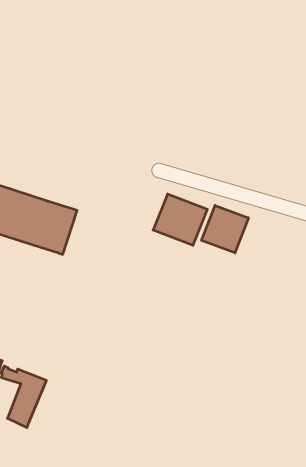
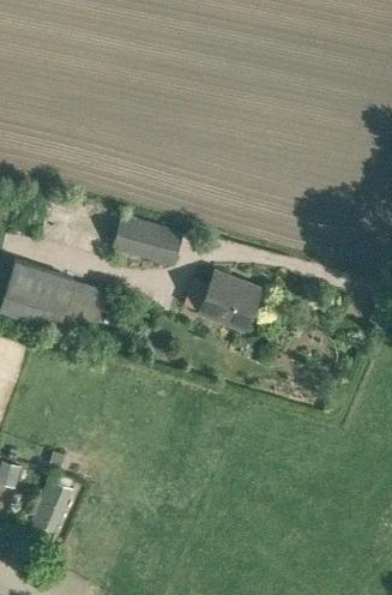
building: none -> [114,215,183,264]
building: [202,205,248,253] -> none

